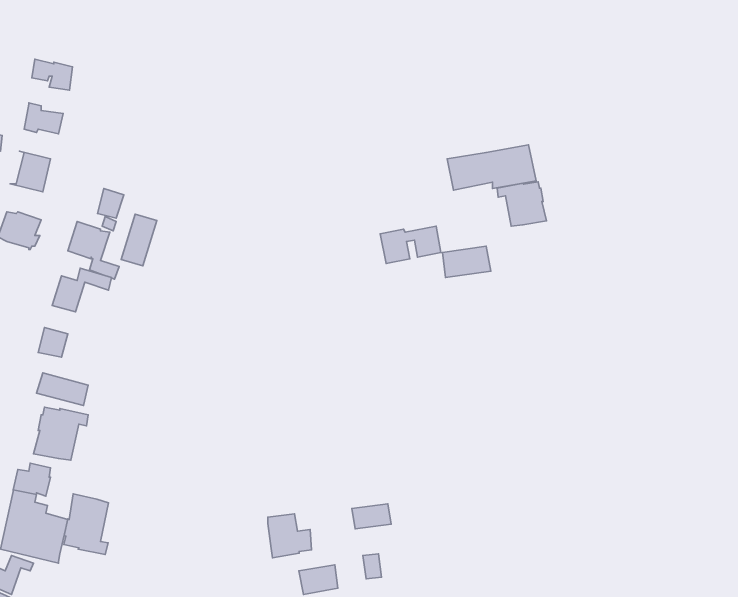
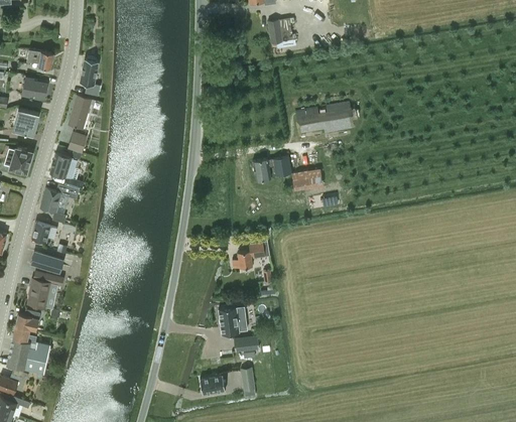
building: none -> [267,19,292,43]
building: none -> [80,57,100,97]
building: [497,182,547,226] -> none
building: [121,214,157,266] -> [68,97,91,130]
building: none -> [232,243,264,273]
building: [64,494,108,554] -> none
building: [268,514,312,558] -> [218,307,246,335]

